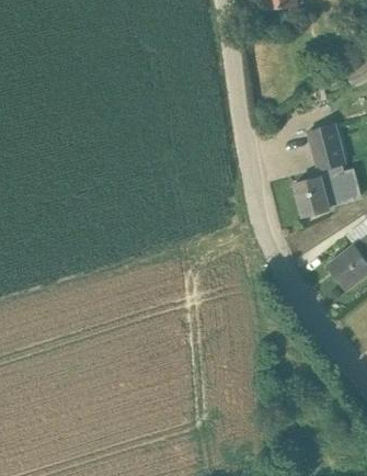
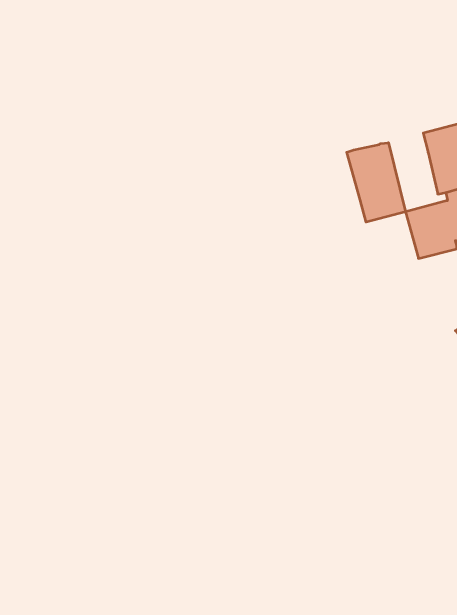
building: none -> [347,143,406,222]

